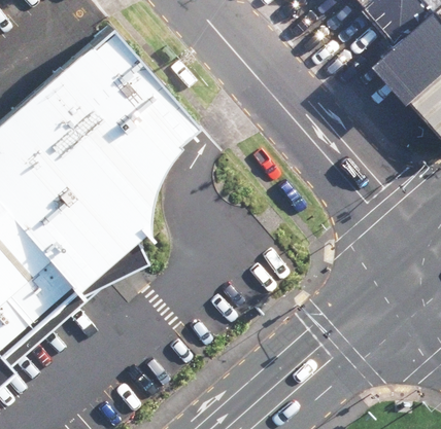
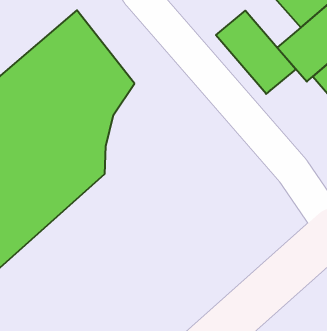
building: none -> [216,11,296,94]

